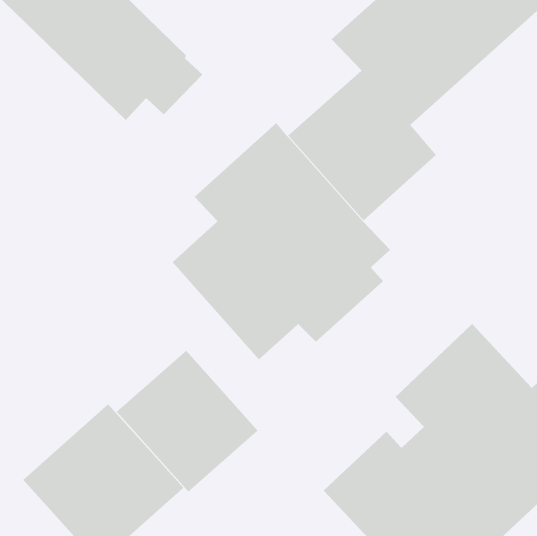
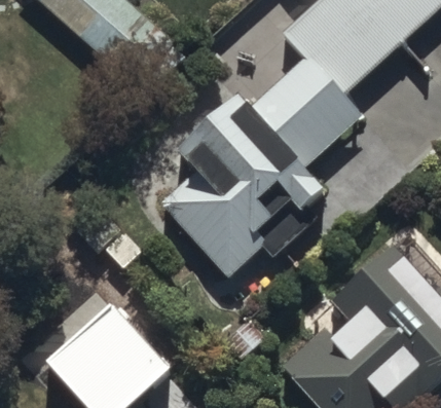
building: [116,350,259,493] -> none

